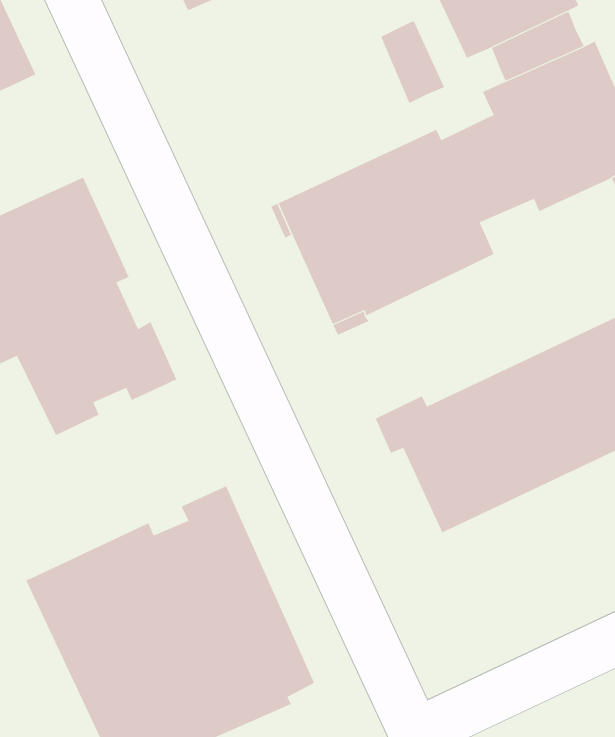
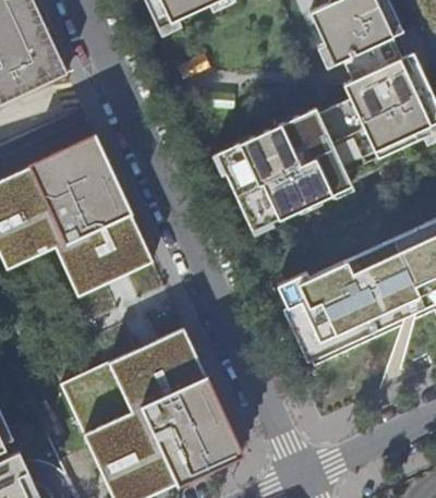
building: [381,20,445,104] -> none

